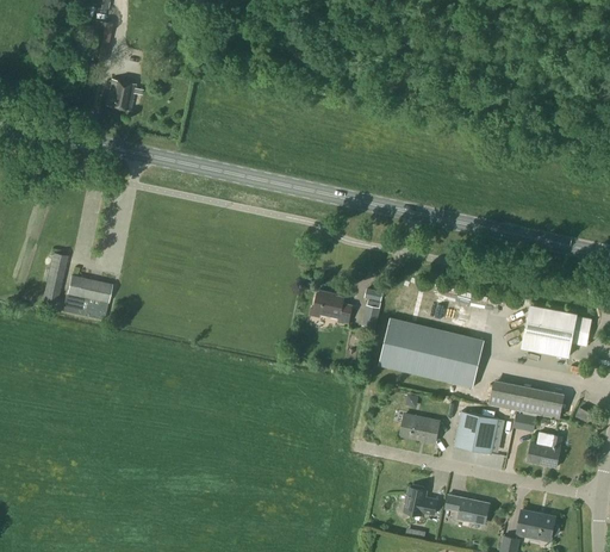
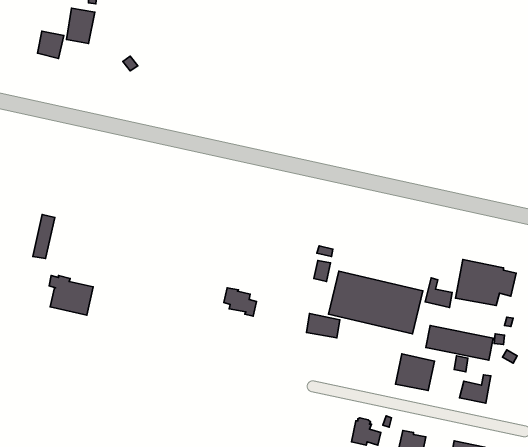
building: [106,80,136,111] -> [37,31,64,58]
building: [61,275,111,321] -> [49,275,93,315]
building: [315,291,351,323] -> [224,288,256,316]
building: none -> [425,278,452,308]
building: [400,415,438,442] -> [306,314,340,338]

